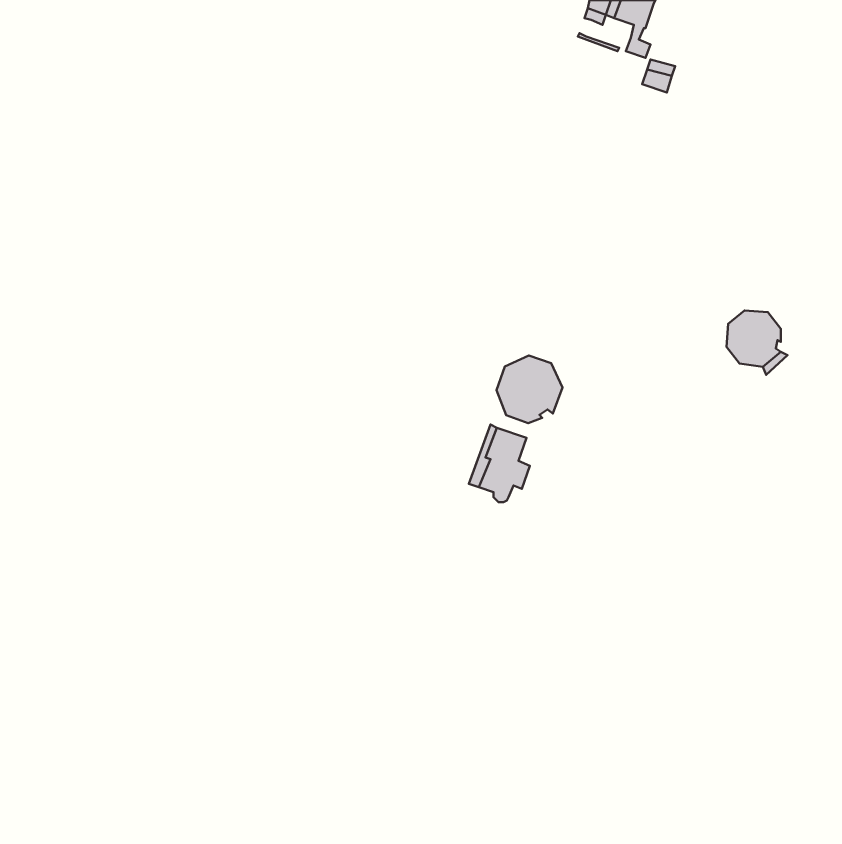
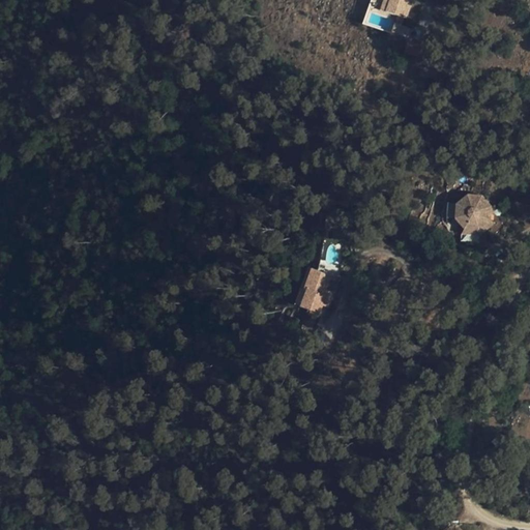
building: [496,355,562,423] -> none

